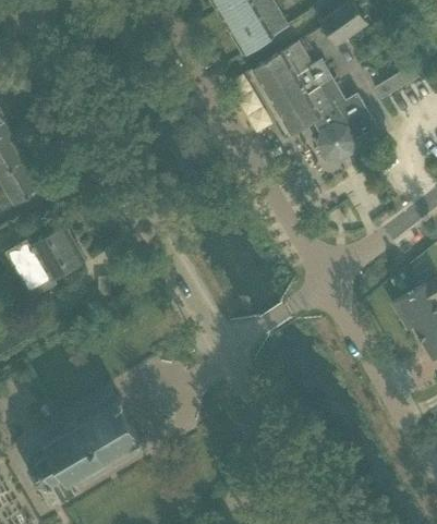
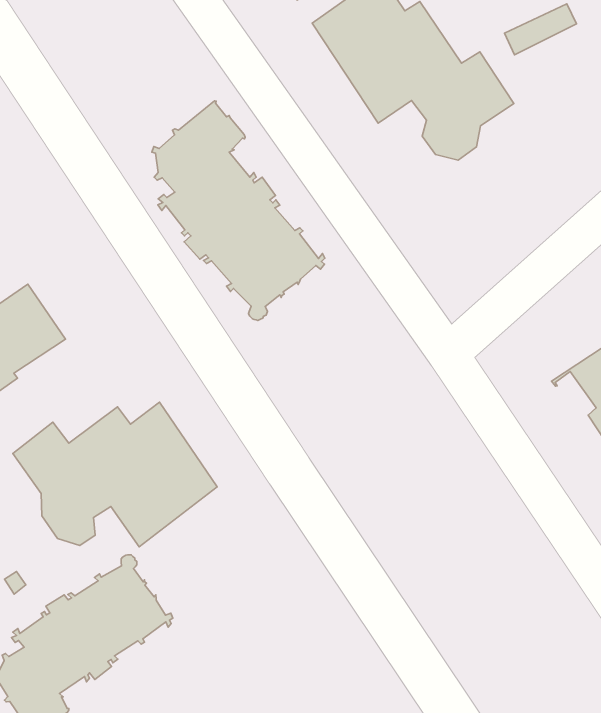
building: none -> [152,101,325,321]
building: none -> [13,402,217,547]

